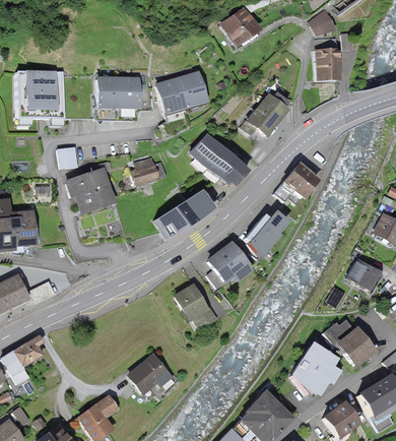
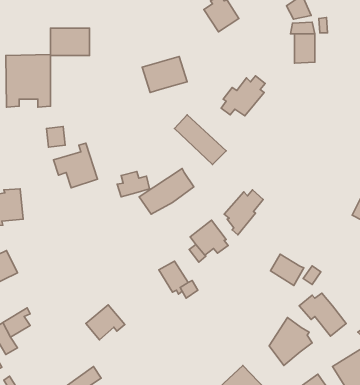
building: [100,77,140,106] -> [51,28,90,55]
building: [132,156,166,183] -> [117,171,150,197]
building: [275,164,317,202] -> none
building: [347,259,382,292] -> [271,254,304,286]
building: [130,355,171,391] -> [86,305,125,340]

